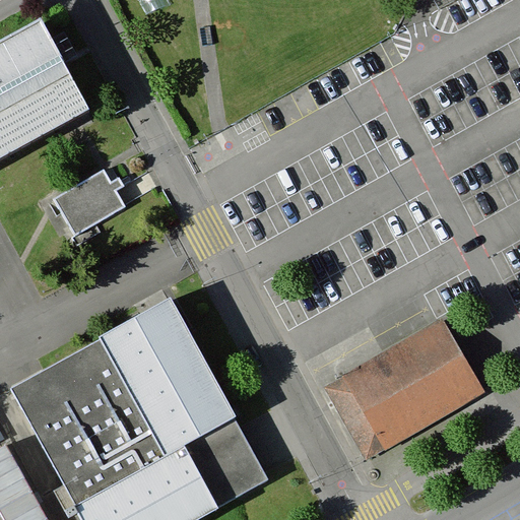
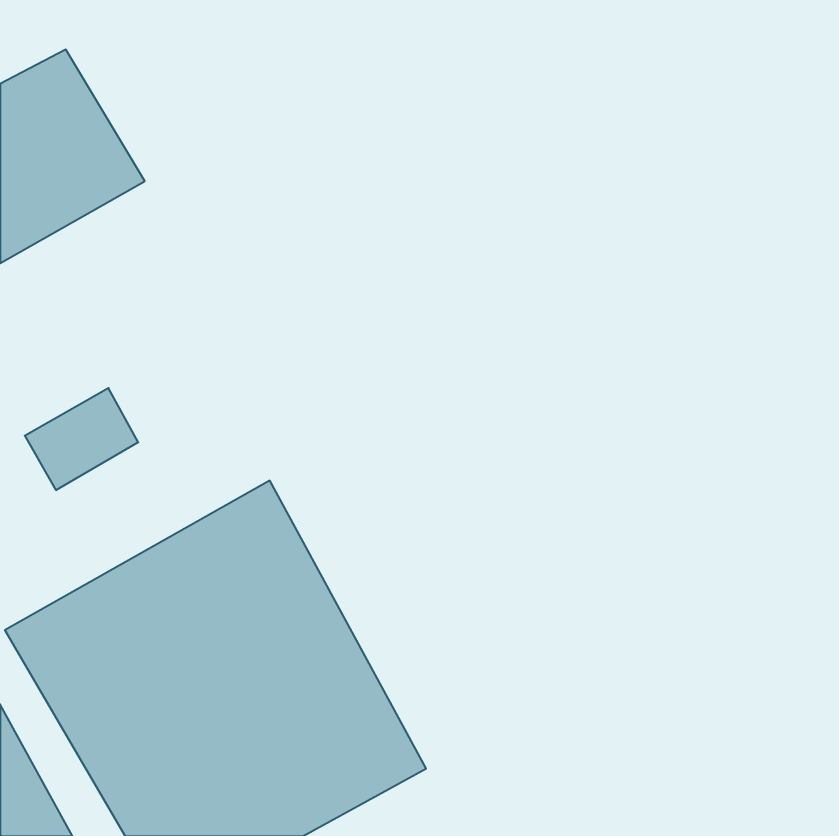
building: [60,168,130,231] -> [25,388,138,490]
building: [324,323,484,461] -> none

